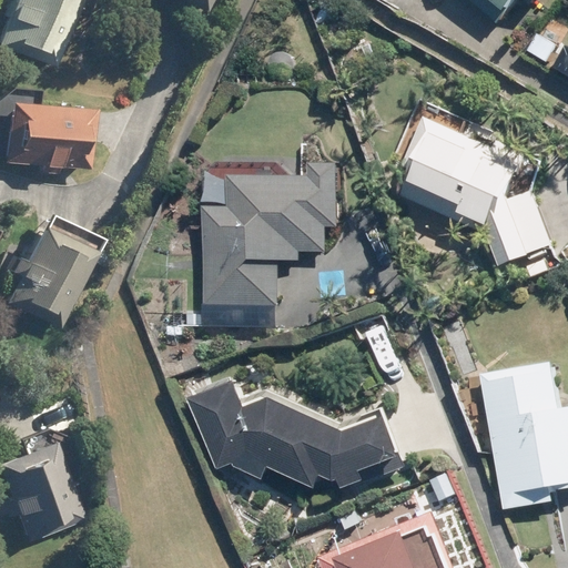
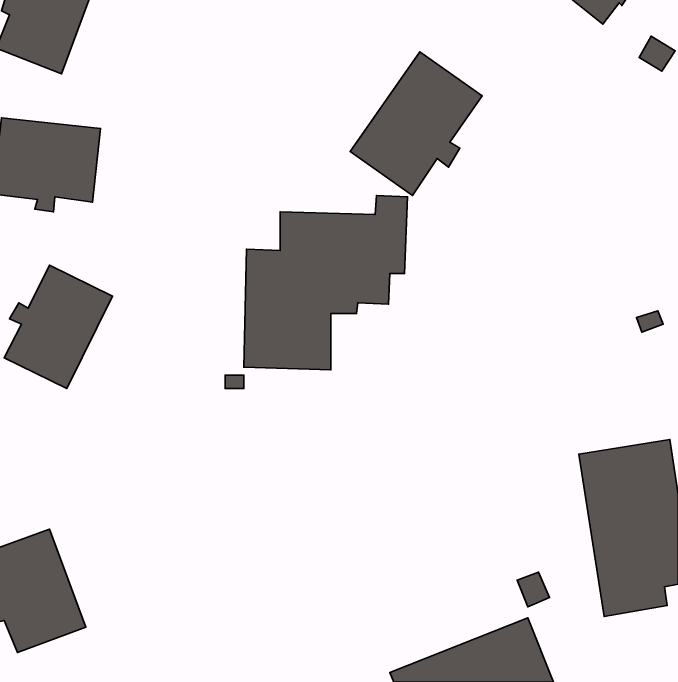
building: none -> [350,52,482,195]
building: [400,120,549,266] -> none
building: [193,383,405,487] -> none

